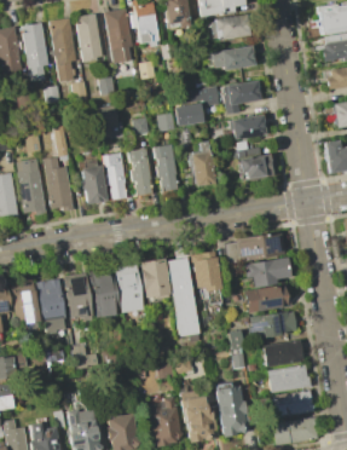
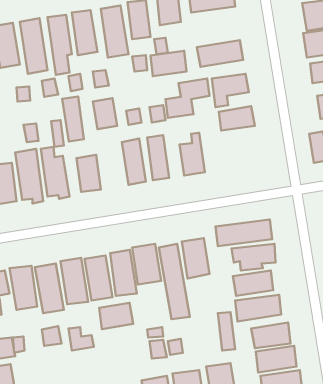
building: [214,13,251,40] -> [151,51,187,76]
building: [235,142,273,180] -> none
building: [103,152,126,200] -> [62,96,84,142]
building: none -> [99,303,133,329]

